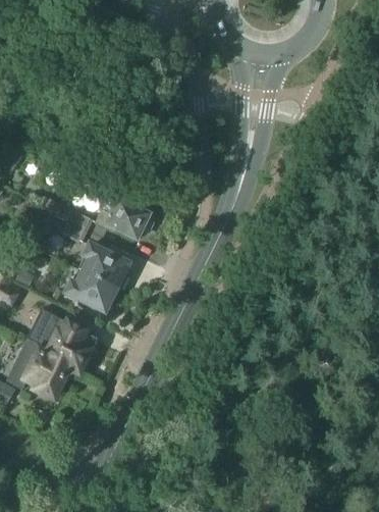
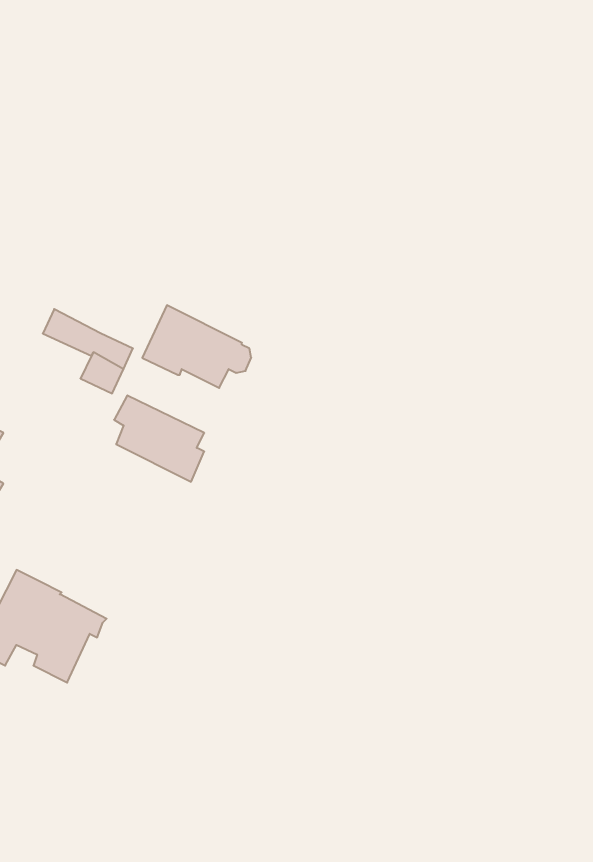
building: [64,269,122,312] -> none
building: [40,322,98,369] -> none

